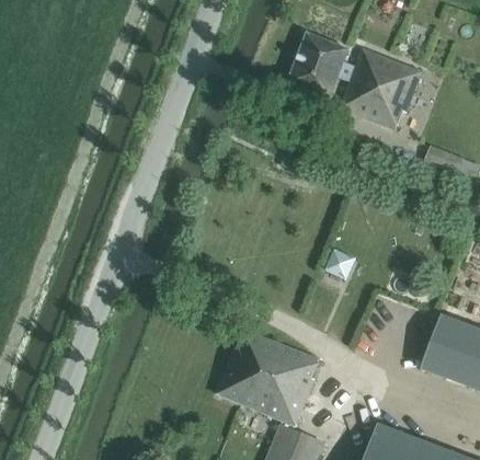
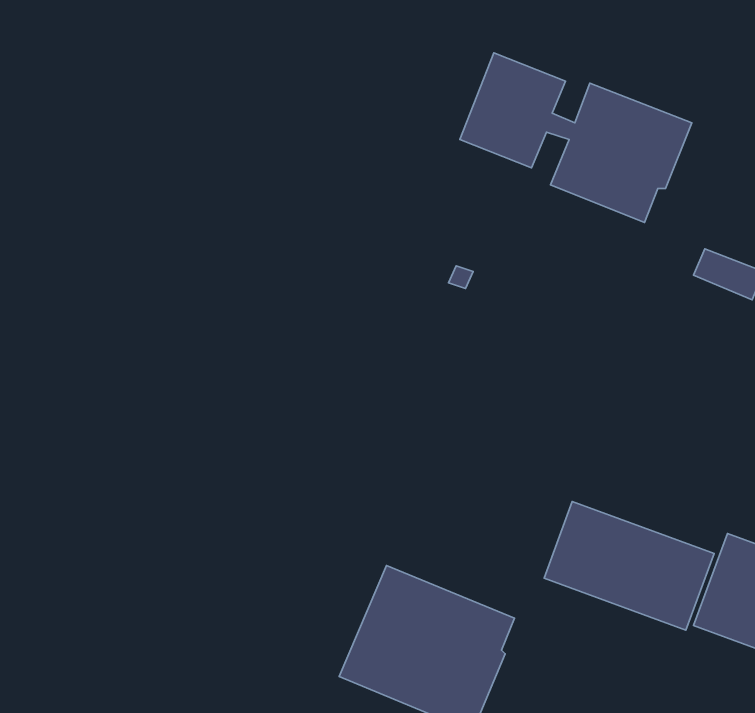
building: none -> [544,502,714,630]

